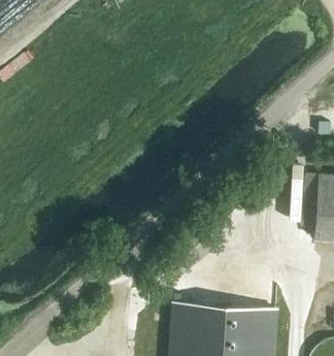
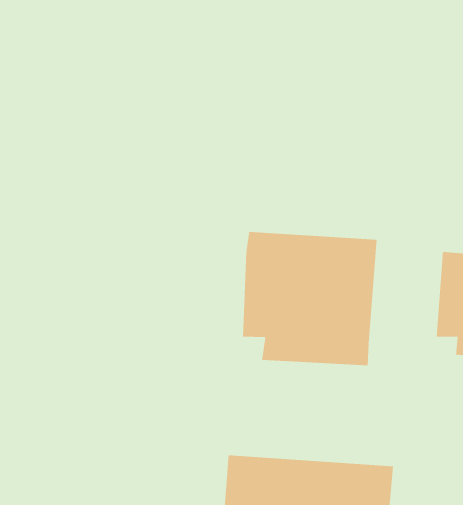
building: none -> [243,231,377,366]

